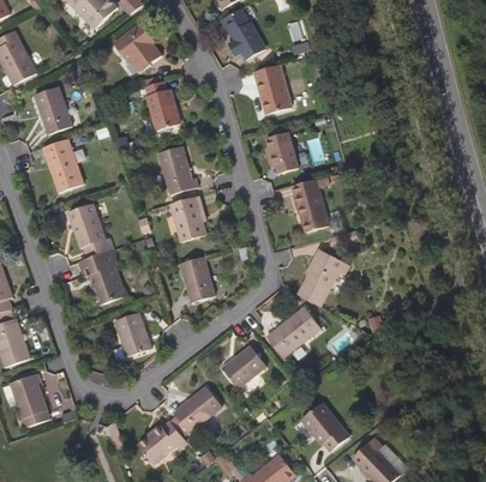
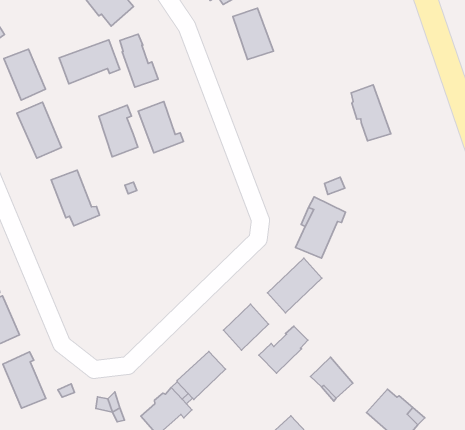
building: none -> [59,40,120,84]
building: [262,132,299,173] -> none
building: [293,179,328,231] -> [351,85,391,141]
building: [170,194,205,242] -> [99,105,138,157]
building: [79,249,124,308] -> none
building: [181,255,215,301] -> none
building: [115,312,152,356] -> none
building: none -> [259,326,308,373]

